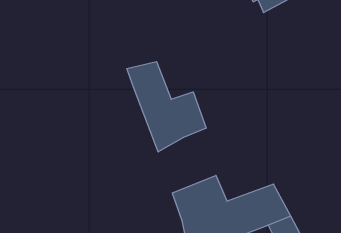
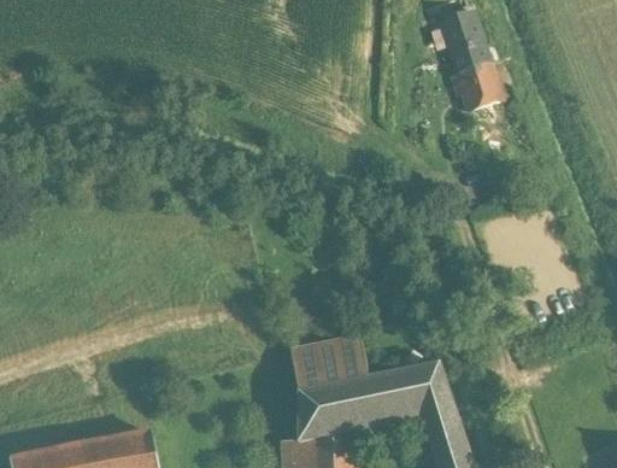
building: [127,62,206,152] -> none

